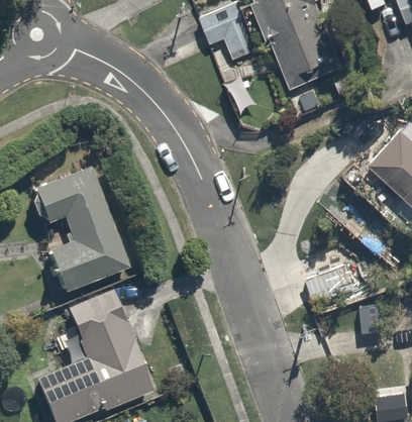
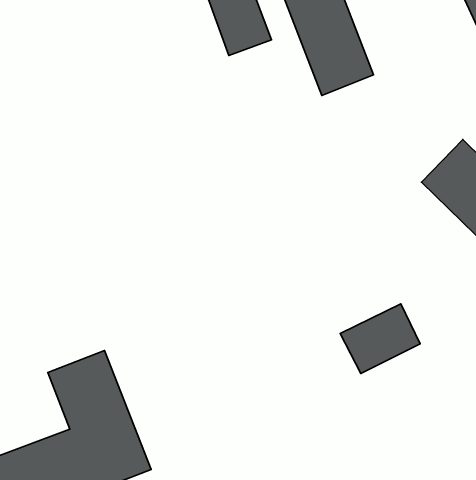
building: [42,174,136,301] -> none

